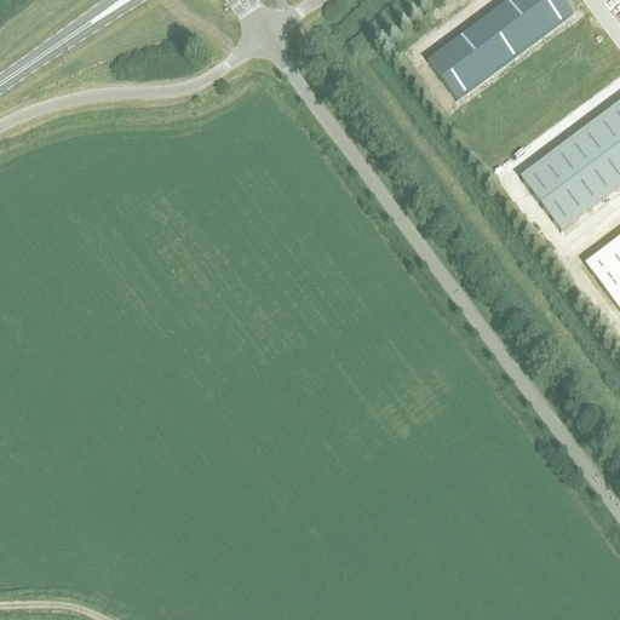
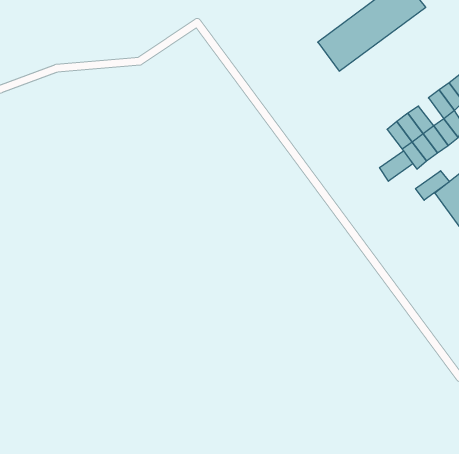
building: [564,132,598,170] -> none
building: none -> [380,151,413,181]
building: none -> [416,171,449,200]

